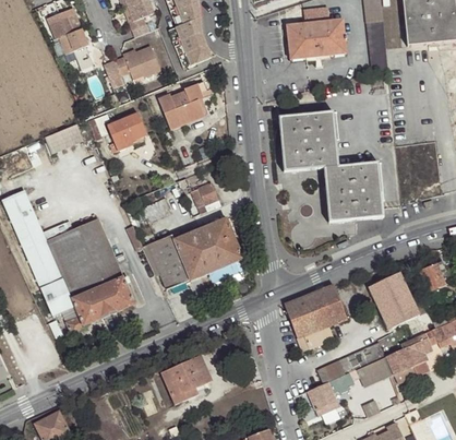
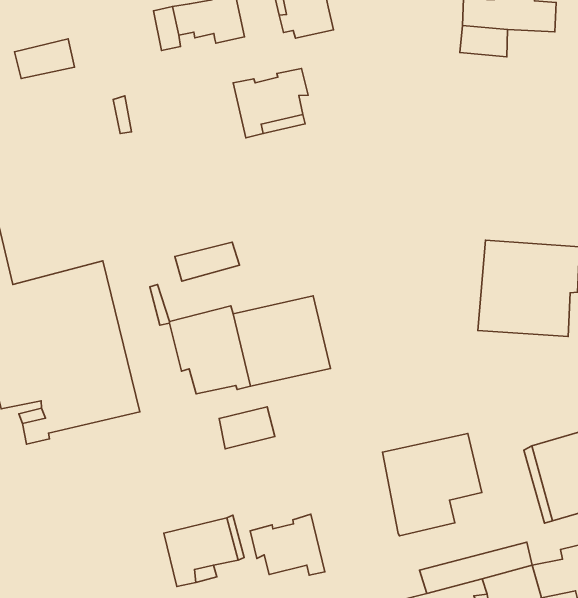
building: [316,36,347,56] -> none
building: [279,110,339,170] -> none
building: [107,111,147,152] -> none
building: [46,122,83,151] -> [15,39,74,79]
building: [190,181,221,211] -> none
building: none -> [219,407,275,449]
building: none -> [250,514,325,575]

